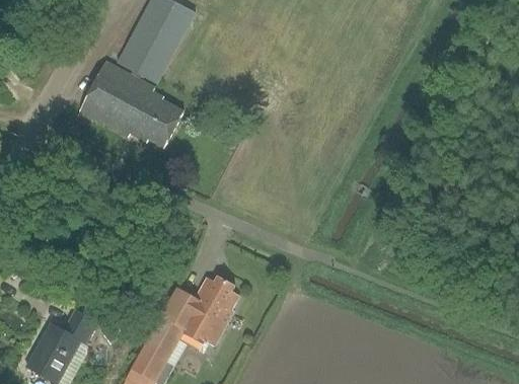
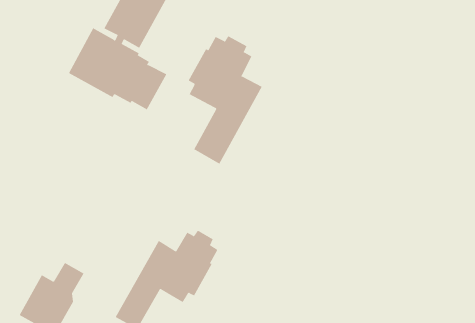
building: none -> [188,35,263,164]

